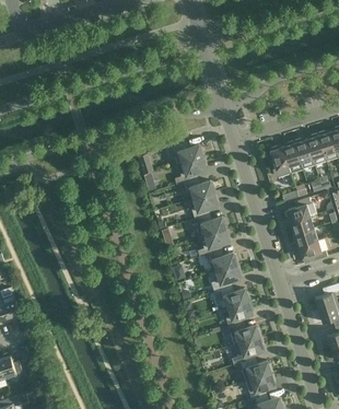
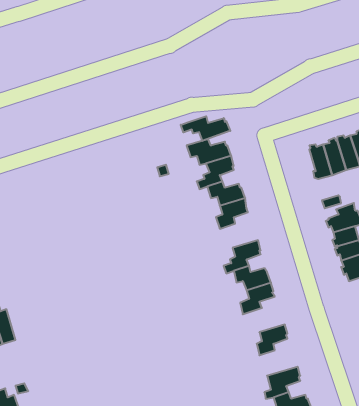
building: none -> [181,116,230,141]
building: [189,214,226,235] -> none
building: [213,287,249,307] -> none
building: [227,323,260,344] -> none

